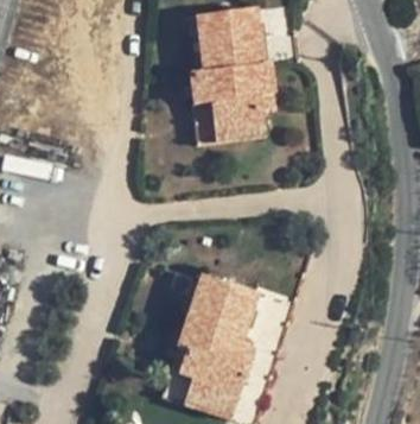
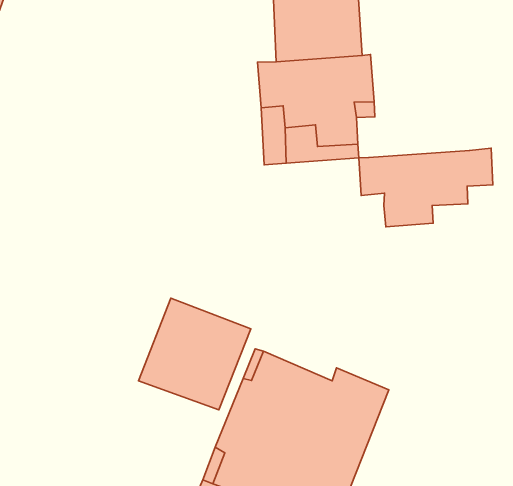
building: none -> [359,148,493,227]
building: none -> [138,298,251,410]

